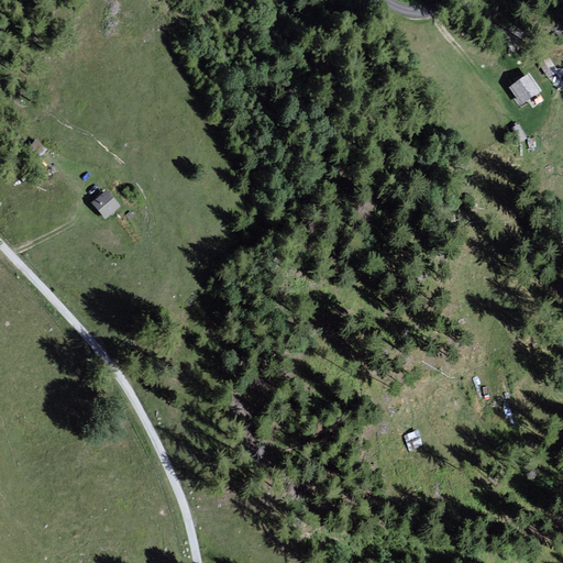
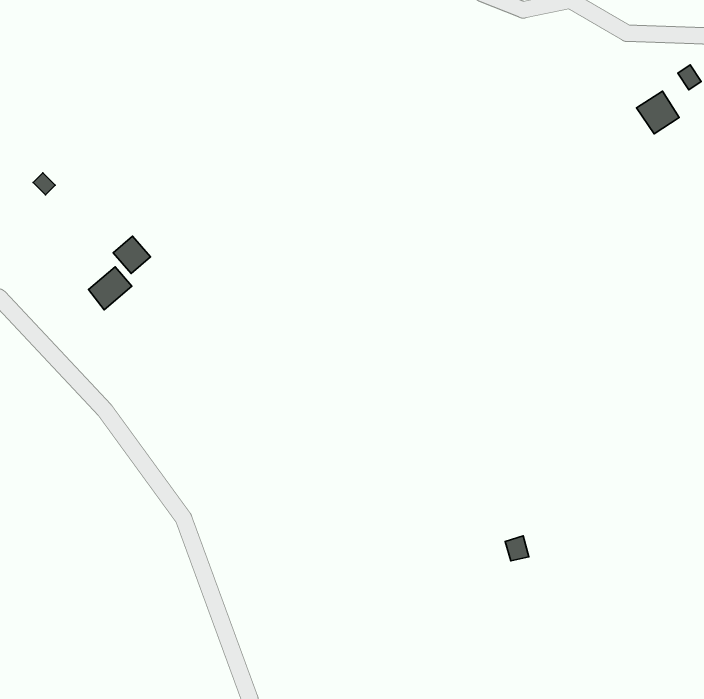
building: none -> [88,267,132,310]

